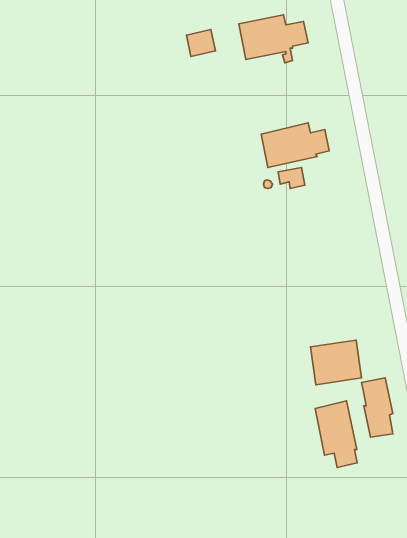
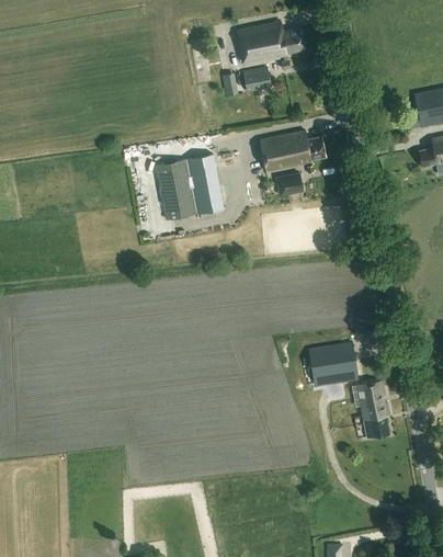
building: [186,30,215,56] -> [243,66,272,92]
building: none -> [156,154,227,219]
building: [315,401,357,467] -> none

